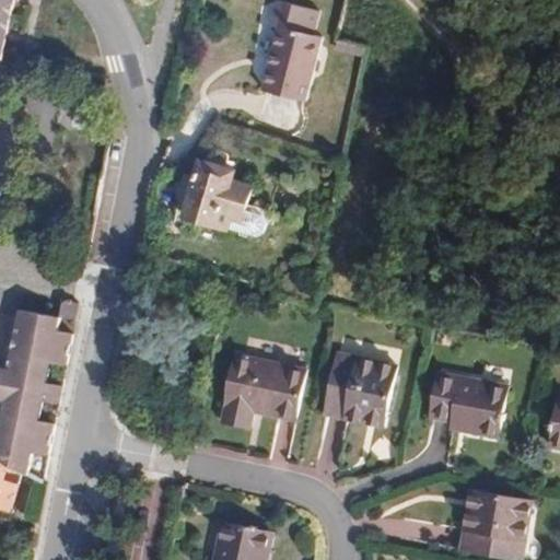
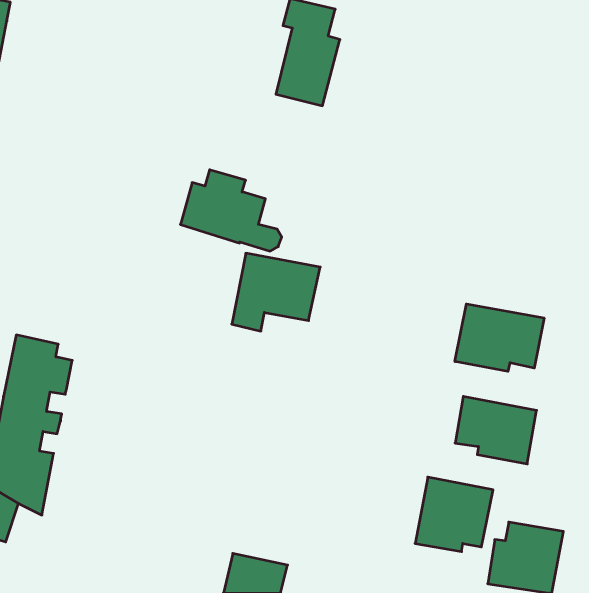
building: none -> [455,304,544,371]
building: [322,352,395,422] -> [415,477,493,552]
building: [220,354,303,428] -> [232,253,320,331]

